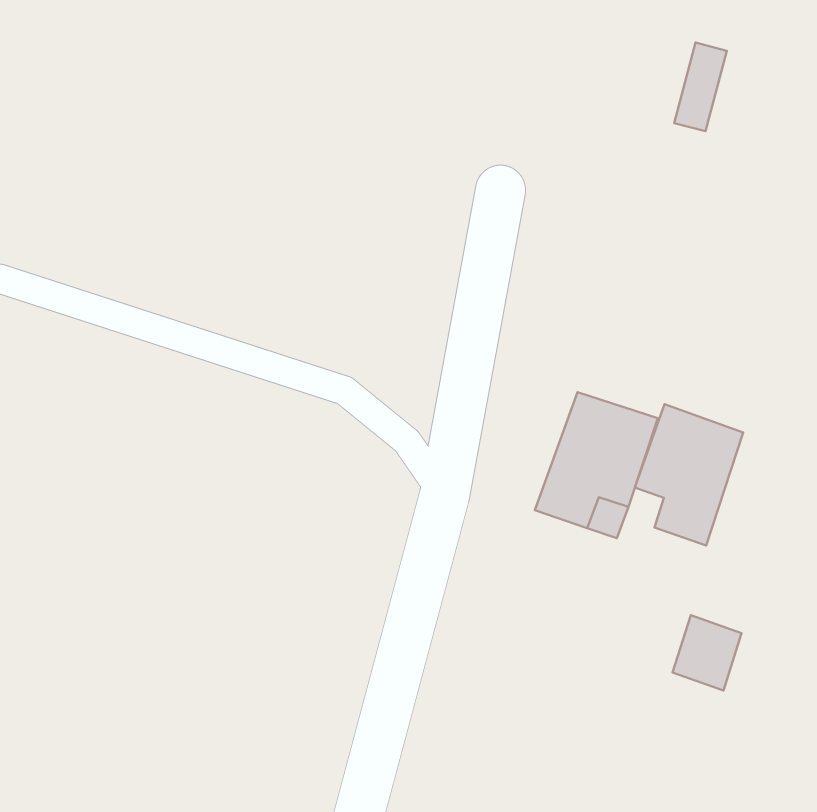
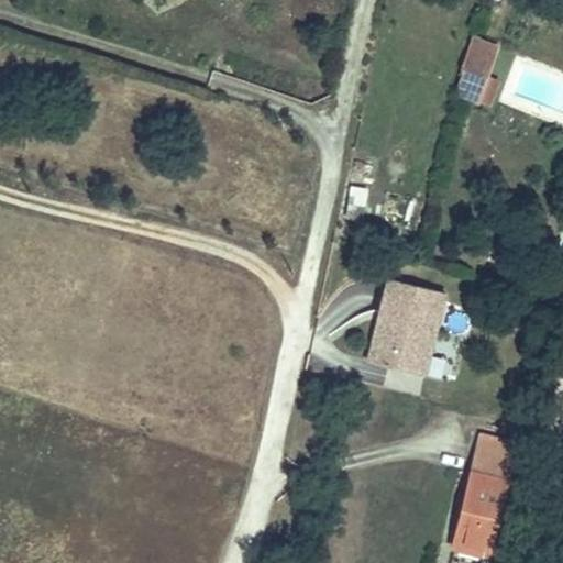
building: [635,404,743,546] -> none
building: none -> [441,468,499,553]

